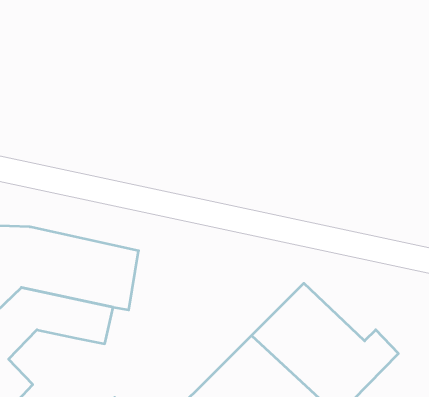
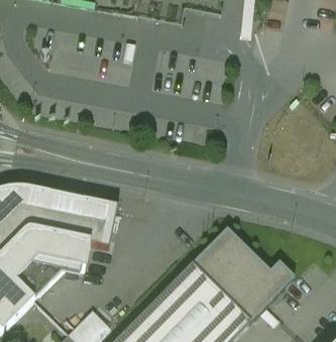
building: none -> [16,260,65,300]

